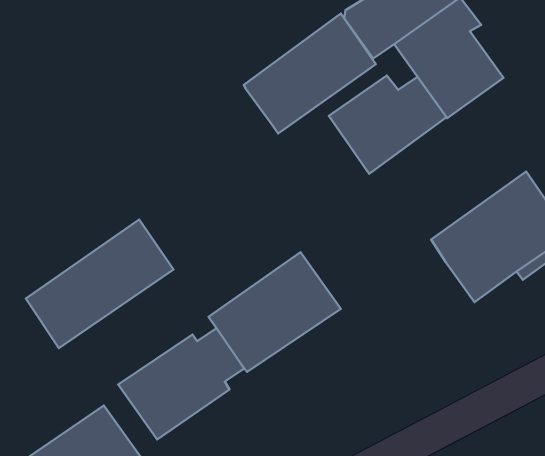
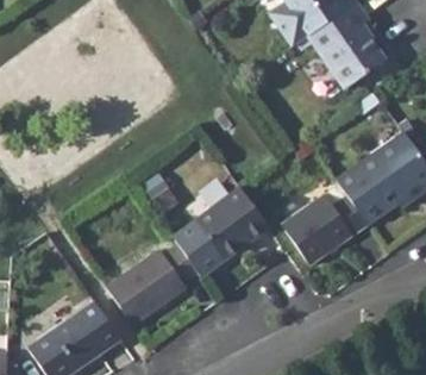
building: [244,14,376,134] -> none
building: [329,75,446,174] -> [278,195,365,268]
building: [26,219,173,348] -> none

